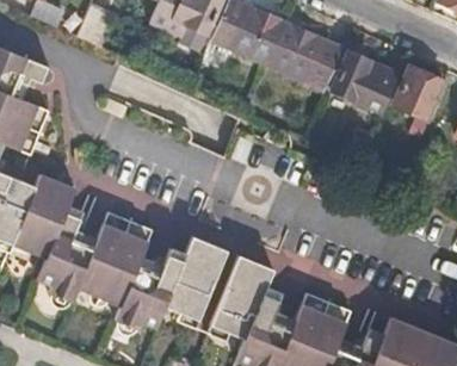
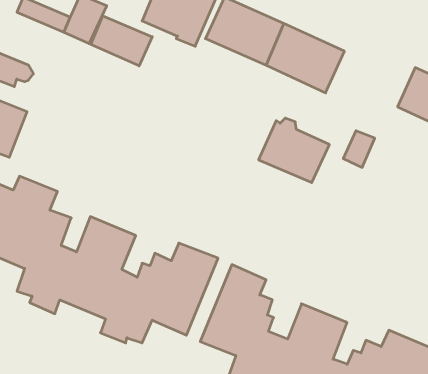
building: none -> [91,16,152,66]
building: [334,52,401,113] -> [259,118,329,183]

